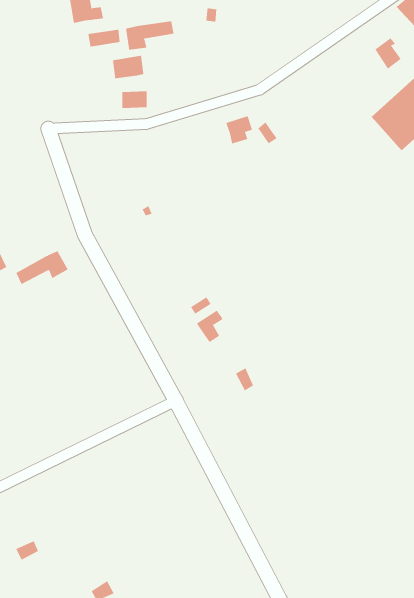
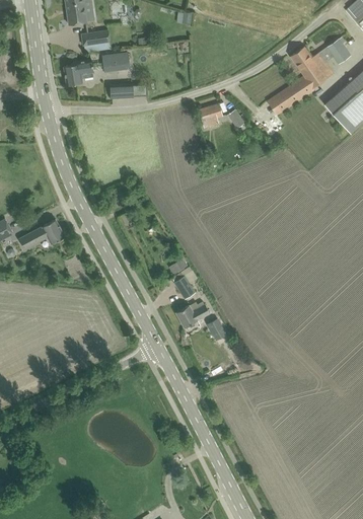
building: [126,20,174,51] -> none
building: none -> [267,46,333,115]
building: none -> [63,58,92,85]
building: none -> [174,304,209,327]

